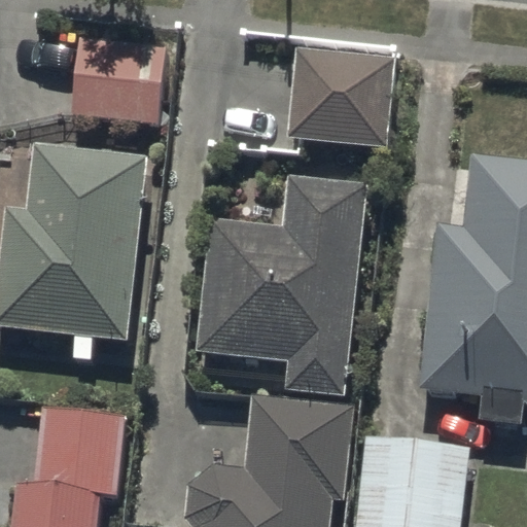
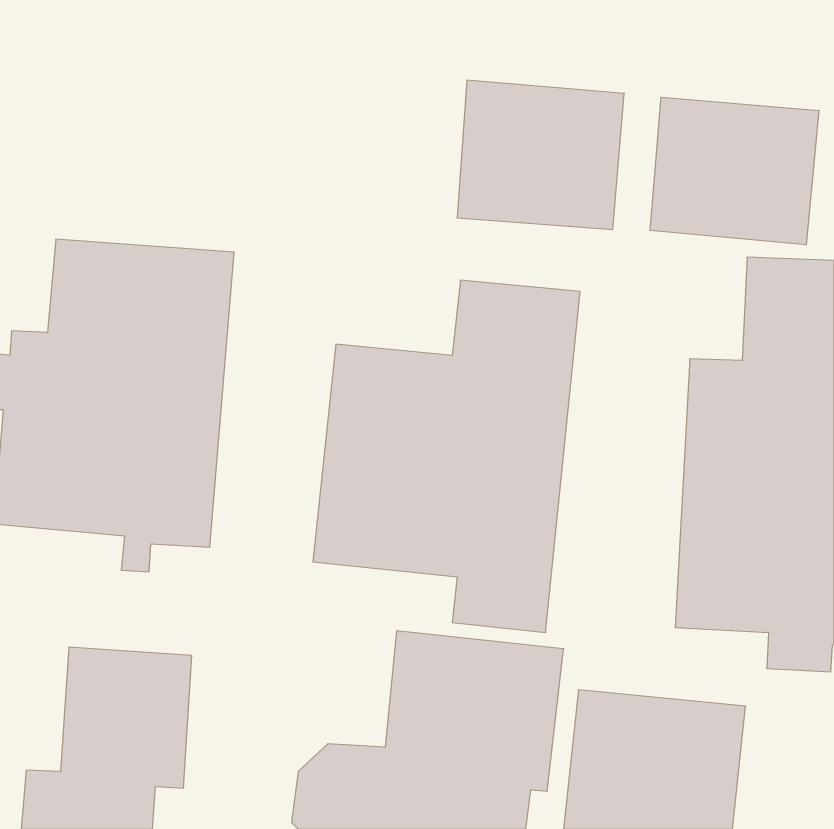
building: [76,34,174,118] -> none
building: none -> [650,97,819,245]

